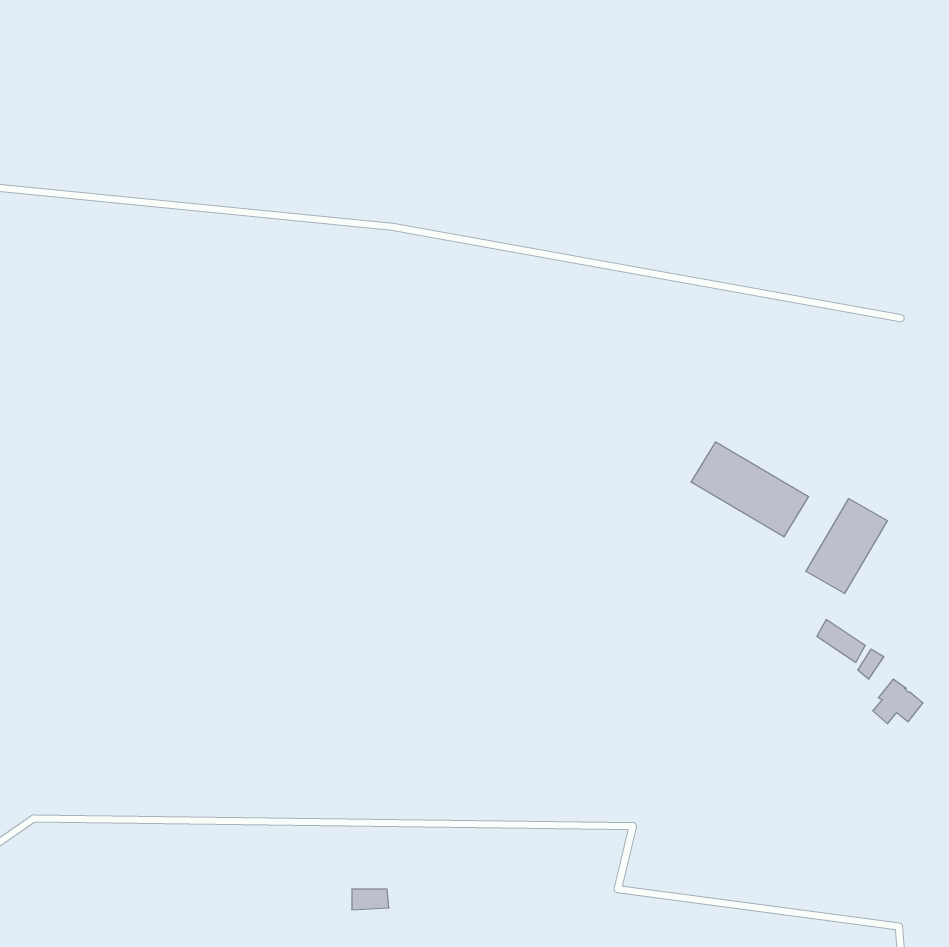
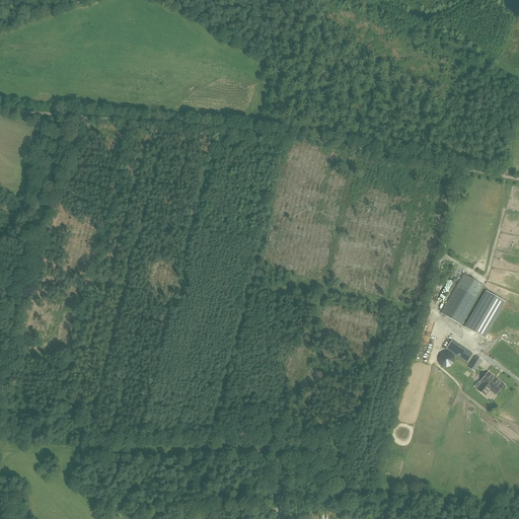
building: [691,442,809,537] -> none
building: none -> [463,289,503,336]

